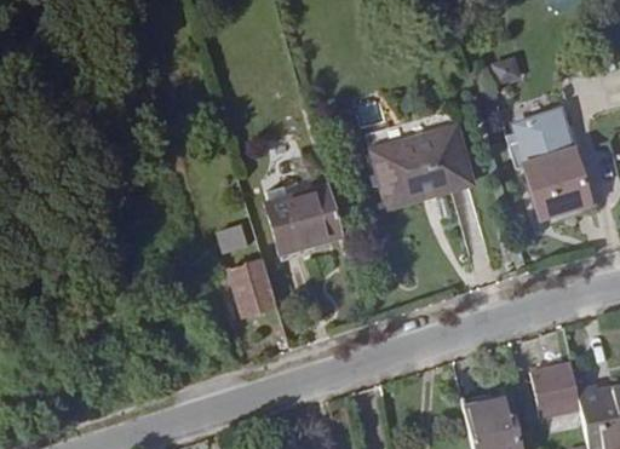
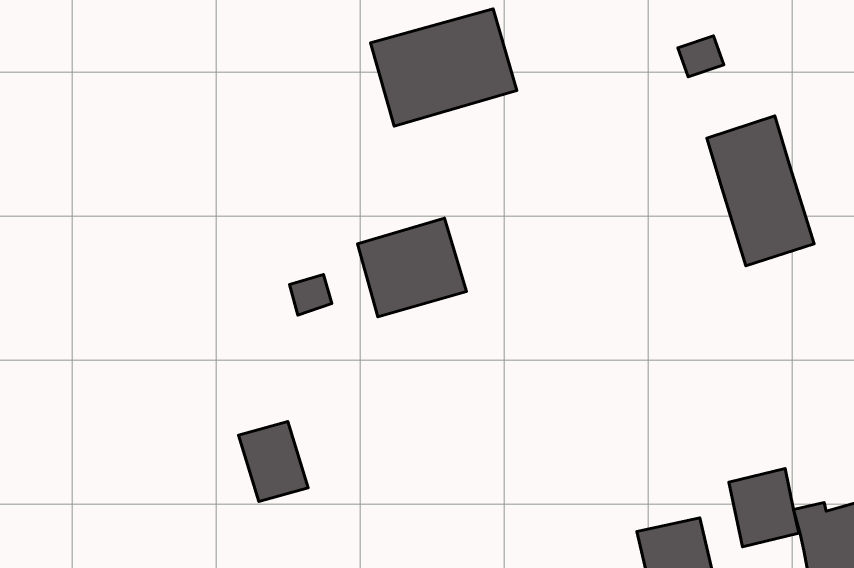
building: [369,125,473,208] -> [370,9,517,126]
building: [228,259,277,316] -> [238,422,308,502]

